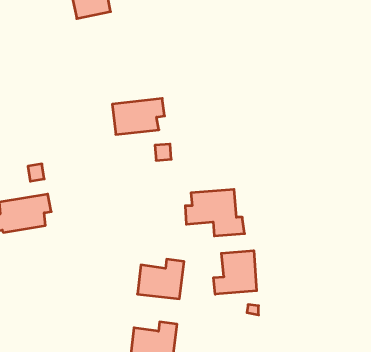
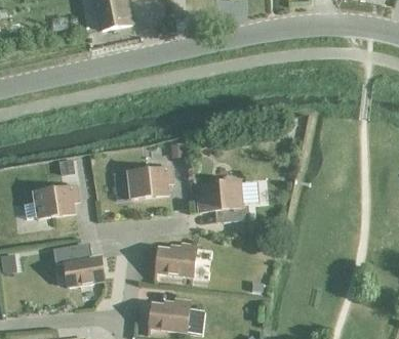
building: [112,98,165,134] -> [127,166,173,198]
building: [214,251,257,294] -> none
building: none -> [52,243,105,287]

